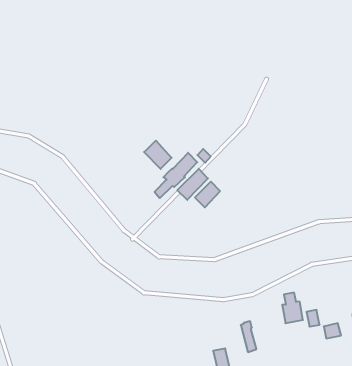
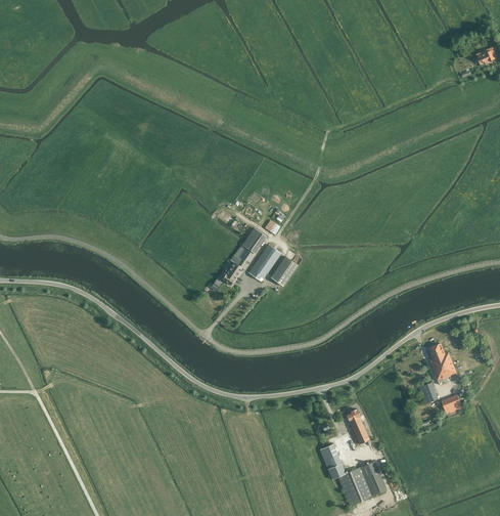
building: [144,141,172,169] -> none
building: [282,293,303,323] -> [429,342,456,379]

